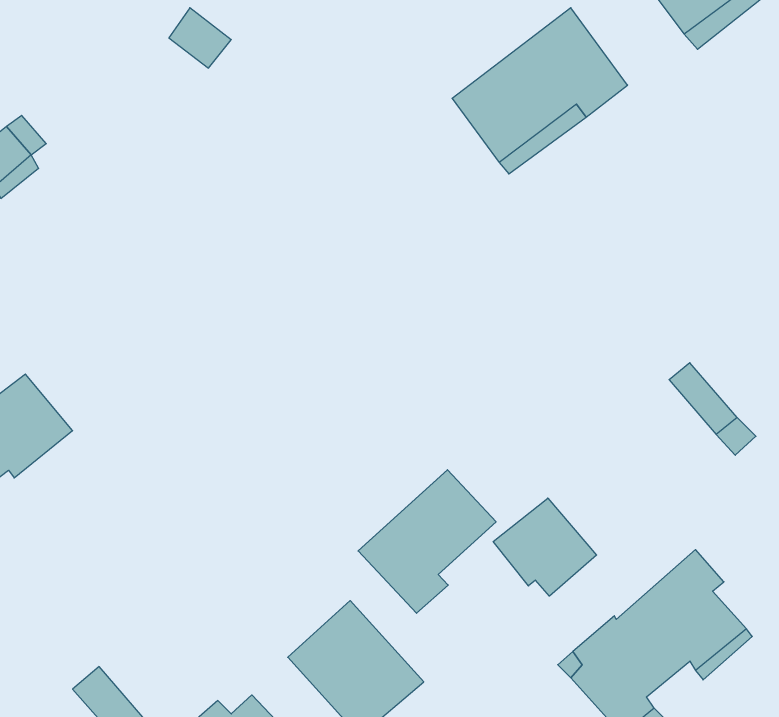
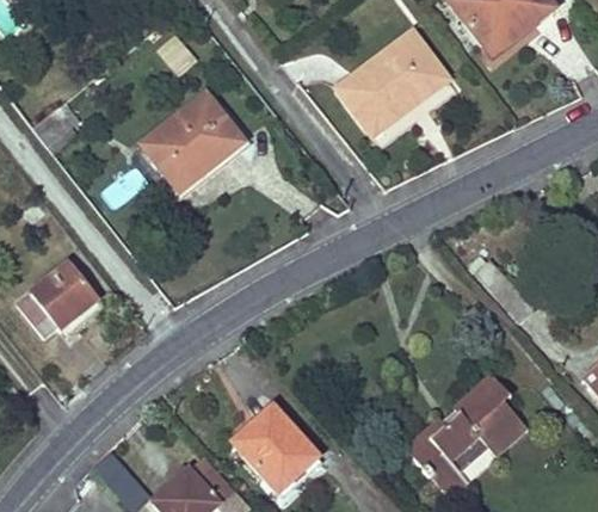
building: none -> [142,94,246,189]
building: [358,470,496,613] -> none
building: [493,498,597,596] -> none

